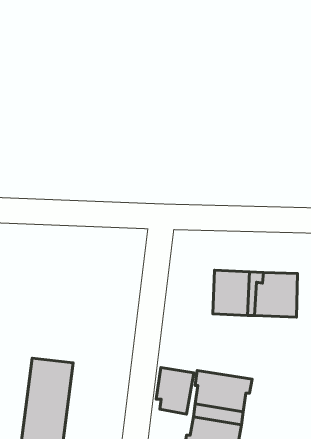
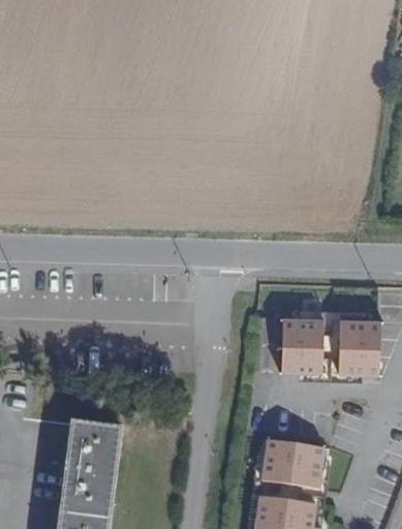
building: [156,367,194,414] -> none

